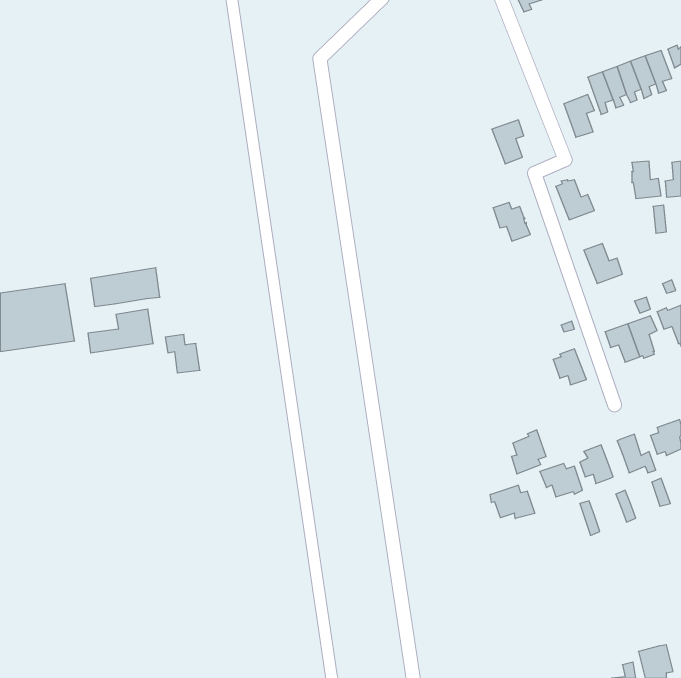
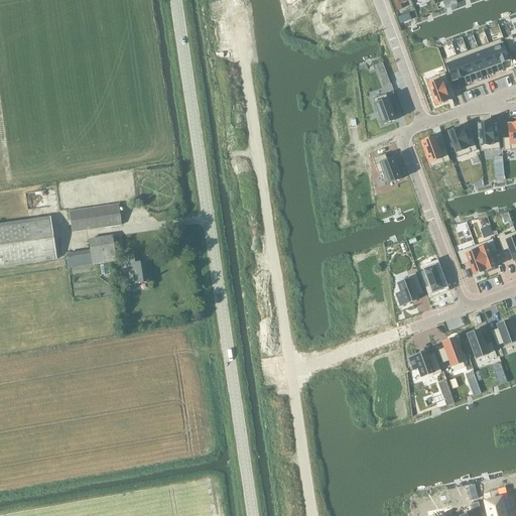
building: [584,244,622,284] -> [447,126,477,156]
building: [511,430,546,474] -> [396,272,422,305]
building: [490,485,535,519] -> none

